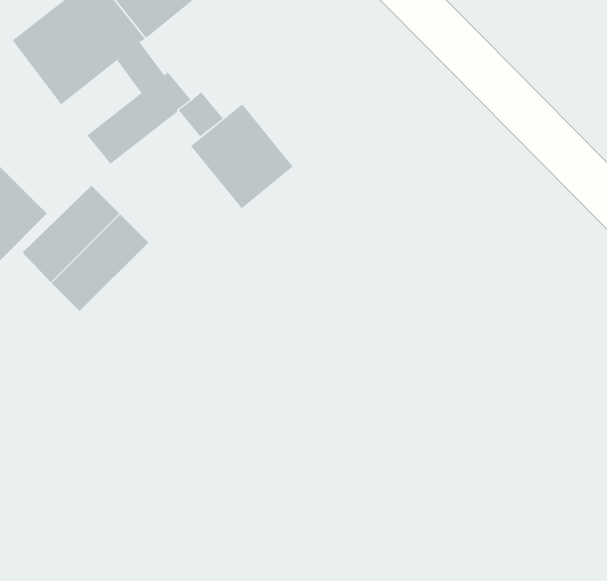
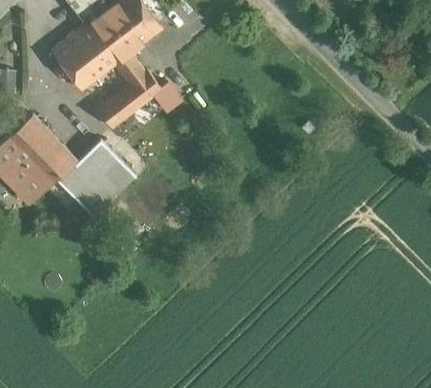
building: [190,104,294,209] -> none

